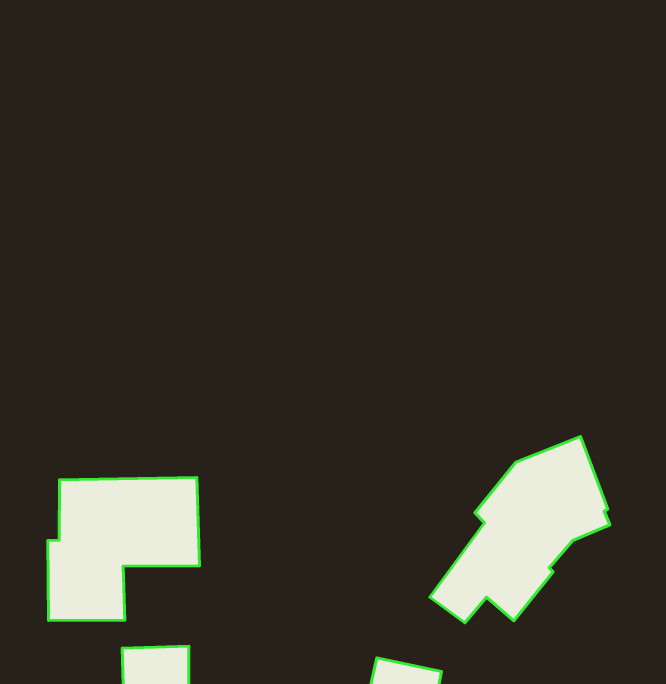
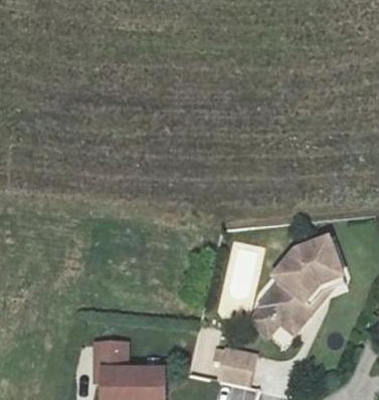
building: [48,477,200,620] -> none

